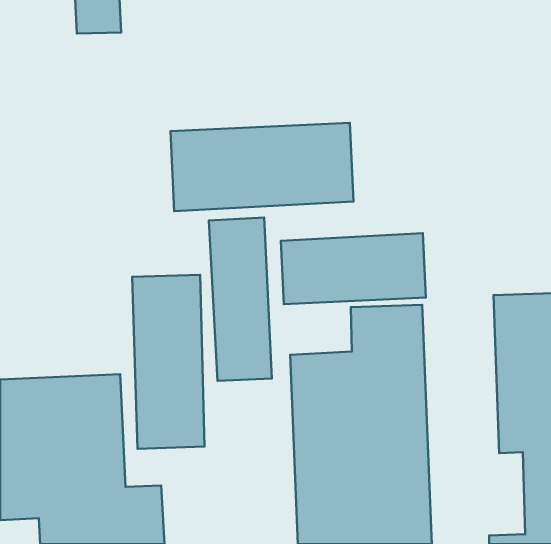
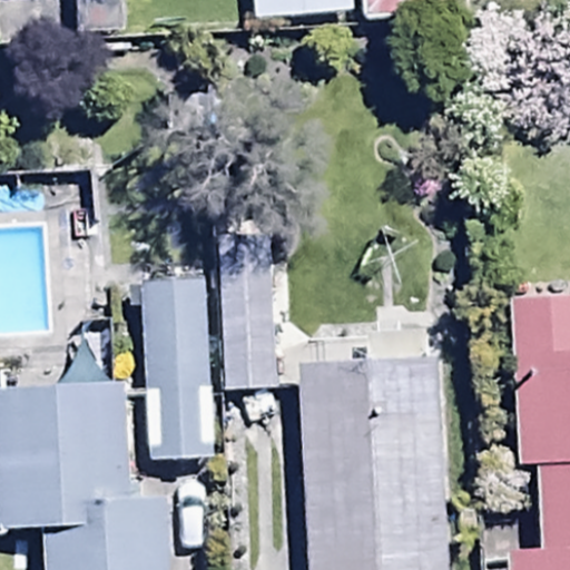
building: [171,123,354,211] -> none
building: [281,233,426,304] -> none

